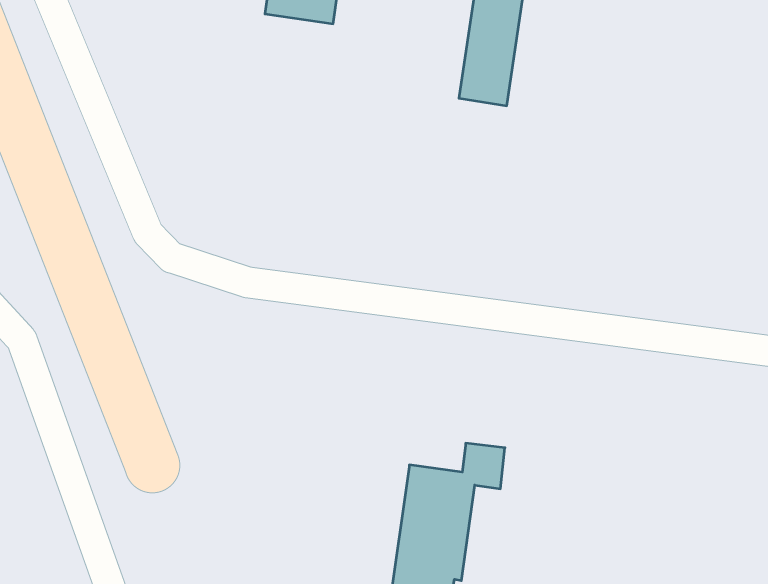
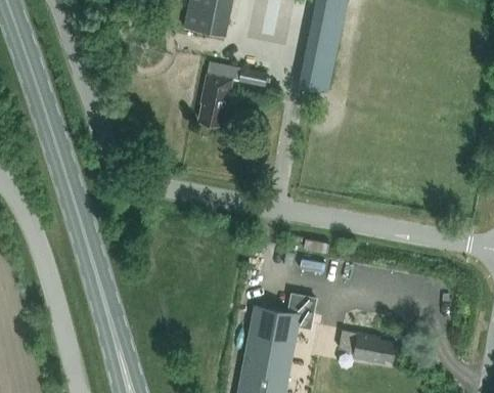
building: none -> [199,62,267,126]
building: none -> [339,331,396,367]

